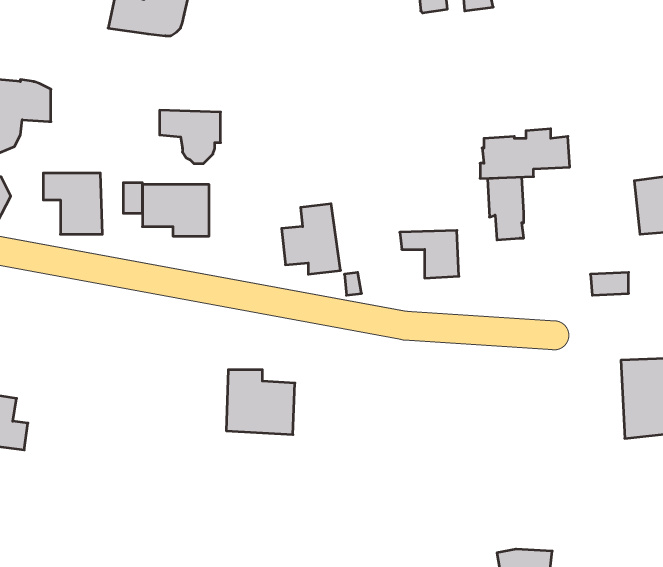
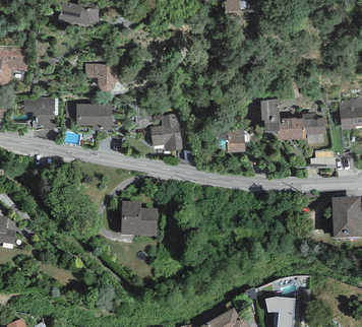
building: [480,129,570,178] -> [278,113,325,139]

